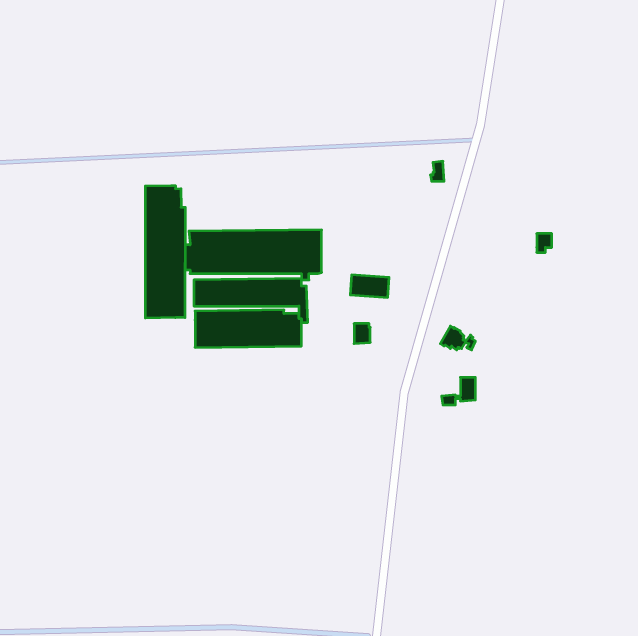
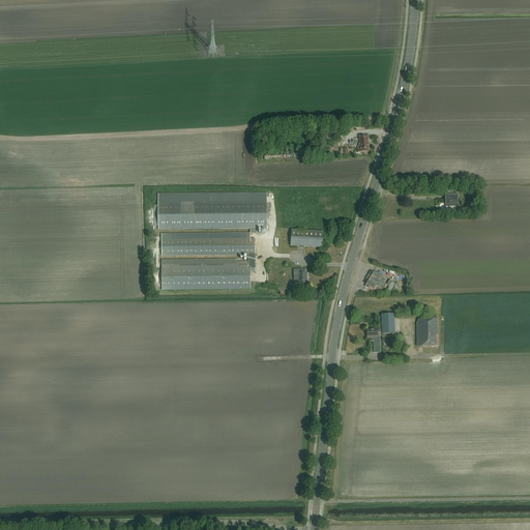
building: [145,186,185,318] -> none
building: none -> [416,318,437,345]

